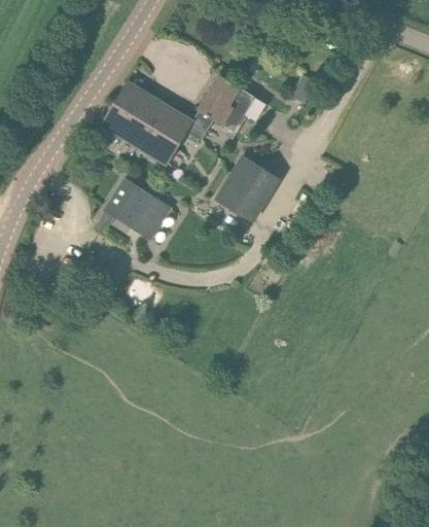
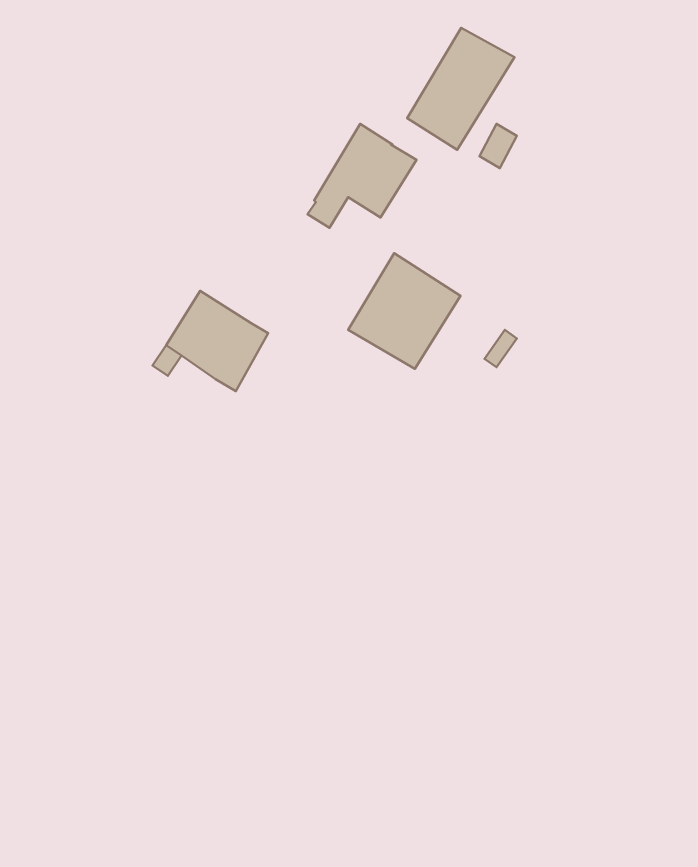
building: none -> [407,28,514,150]
building: [101,81,194,165] -> none

